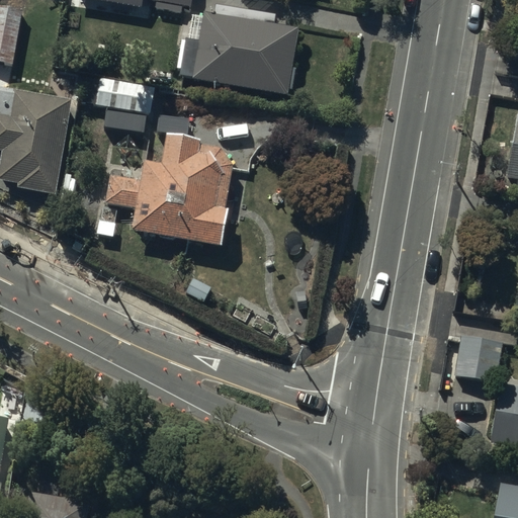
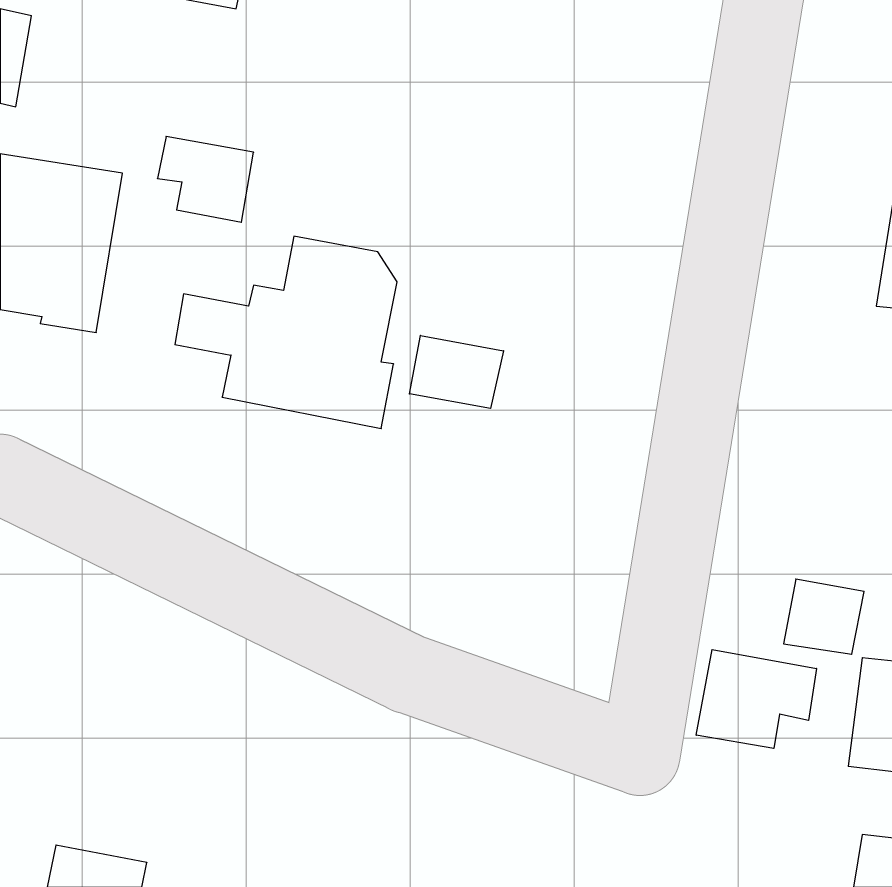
building: [183,13,292,90] -> none
building: none -> [409,335,504,408]
building: none -> [696,650,816,748]

